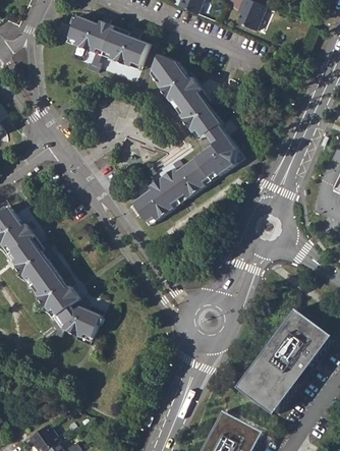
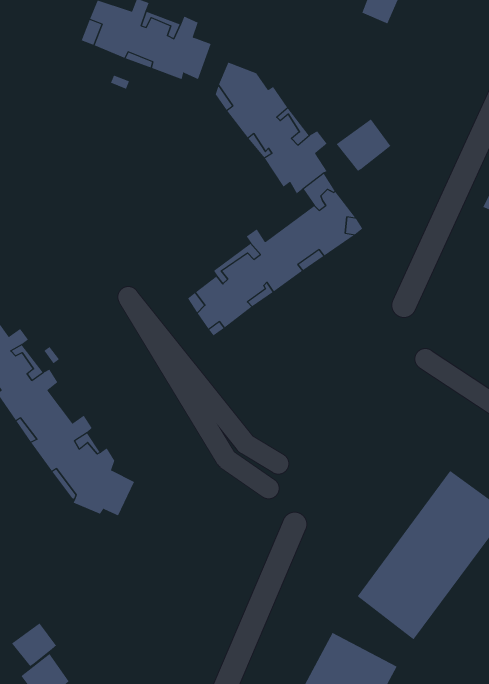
building: none -> [336,119,391,172]
building: none -> [11,623,57,667]

